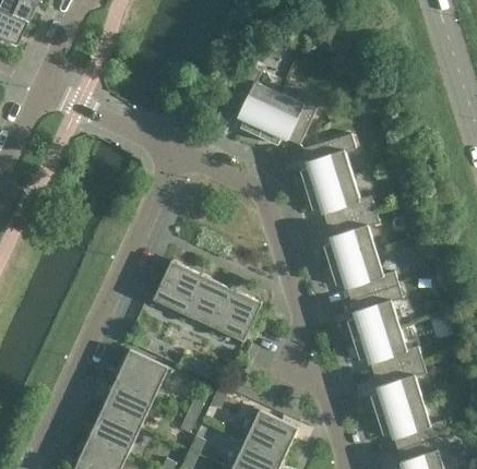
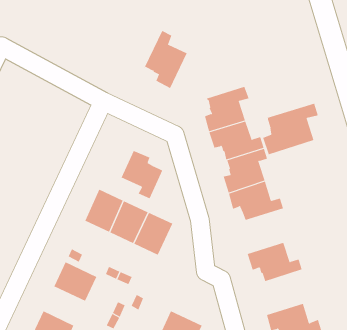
building: [259,92,321,145] -> none
building: none -> [262,103,319,155]
building: none -> [121,150,163,199]
building: [347,284,403,339] -> none
building: [370,359,426,414] -> none
building: [102,380,154,428] -> none

